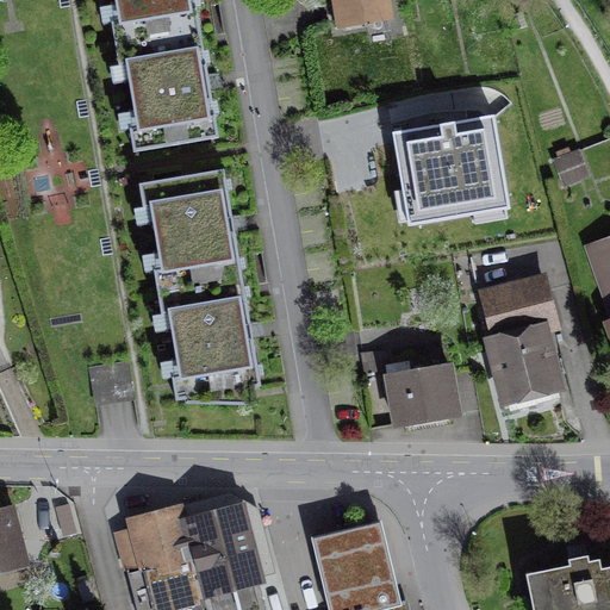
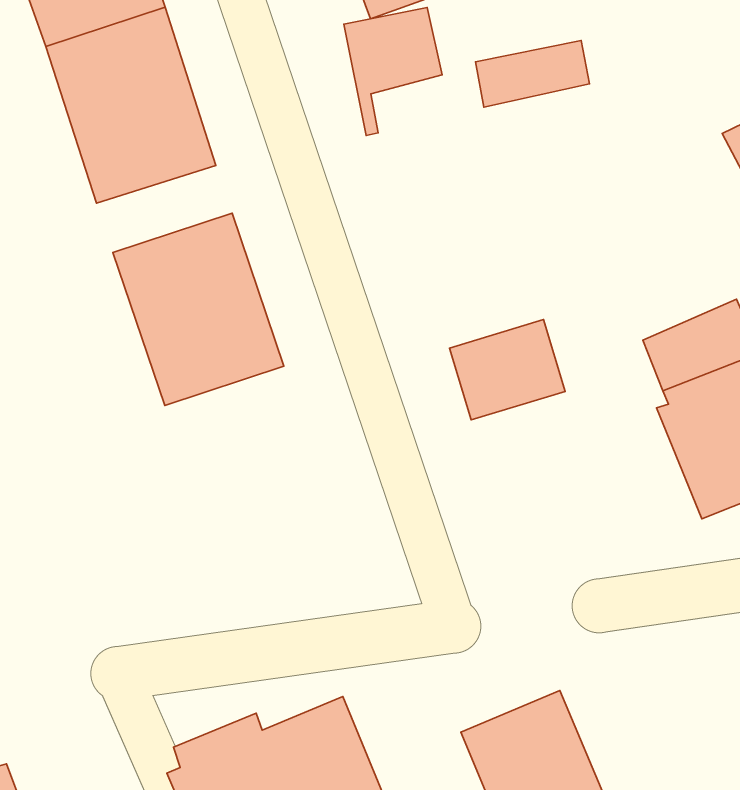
building: none -> [344,8,442,135]
building: [400,116,509,217] -> none
building: [154,273,256,399] -> none
building: [384,368,456,428] -> [450,320,565,420]

